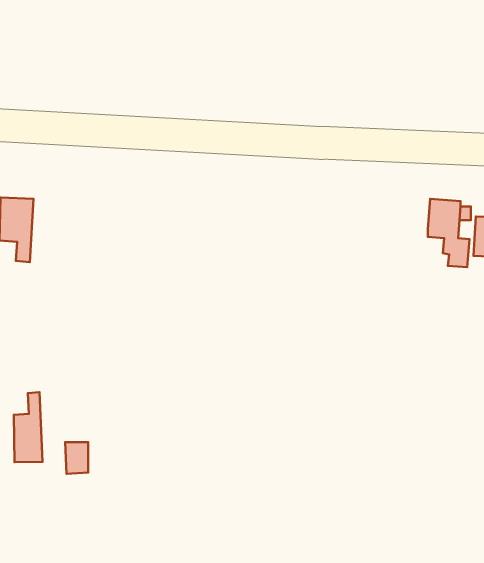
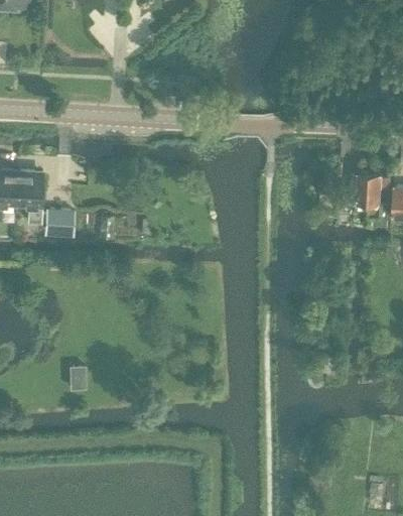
building: none -> [44,211,75,239]
building: [14,392,42,462] -> none

